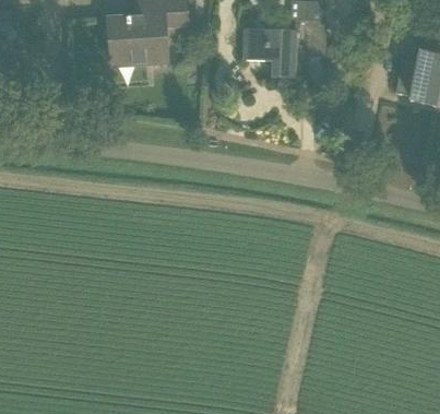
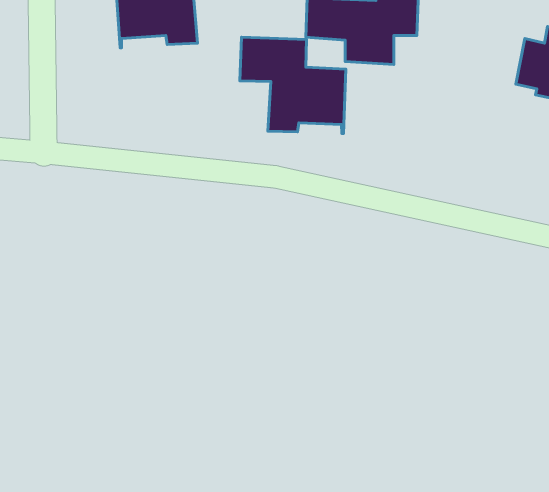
building: none -> [240,37,346,133]

